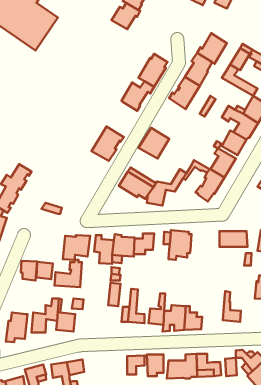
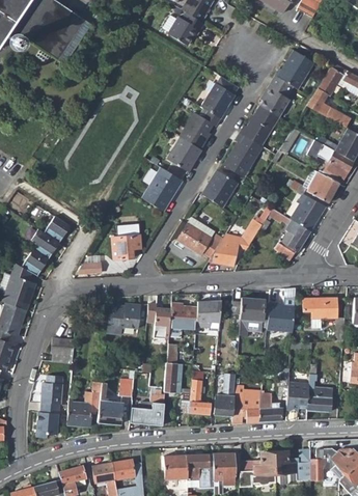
building: none -> [224,131,263,175]
building: none -> [169,135,202,169]
building: none -> [111,224,142,259]
building: none -> [267,296,295,332]
building: [55,260,82,287] -> [130,390,164,424]
building: [36,262,53,279] -> [42,381,62,403]
building: none -> [285,382,310,421]
building: none -> [164,456,188,478]

